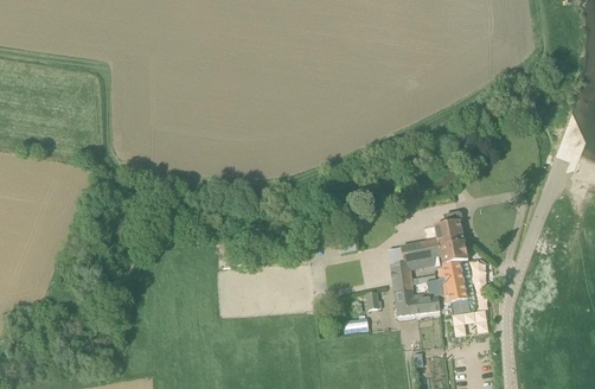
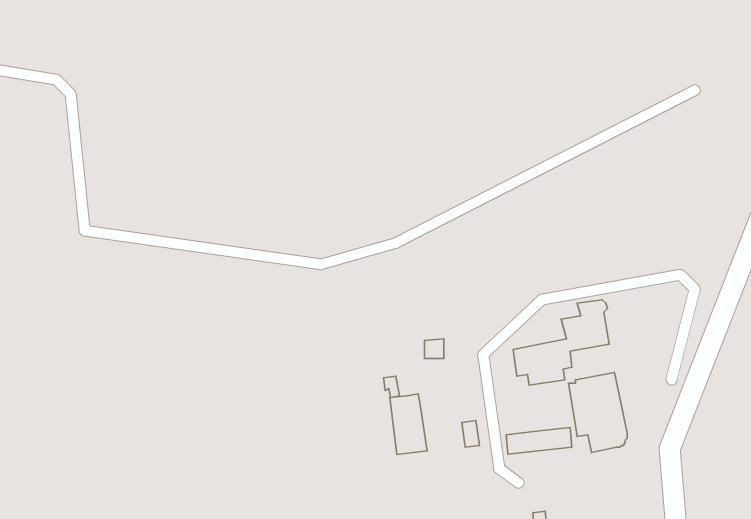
building: [437,242,467,266] -> none
building: [390,262,415,302] -> [390,394,427,454]

